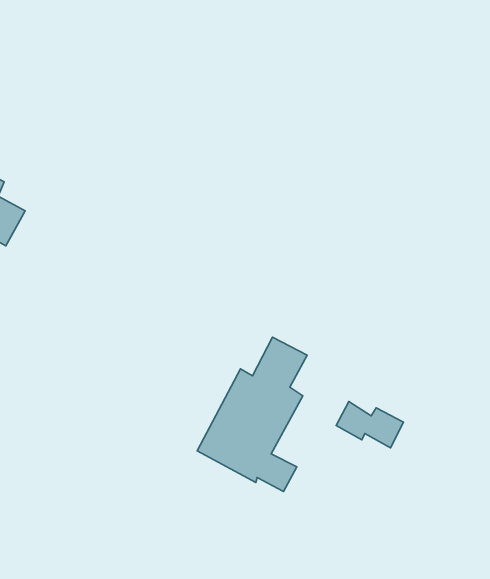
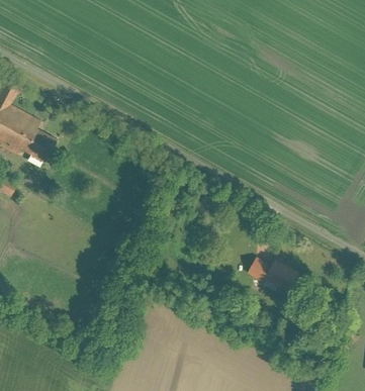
building: [197,337,307,492] -> none

